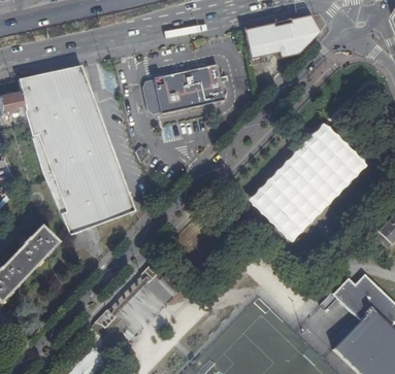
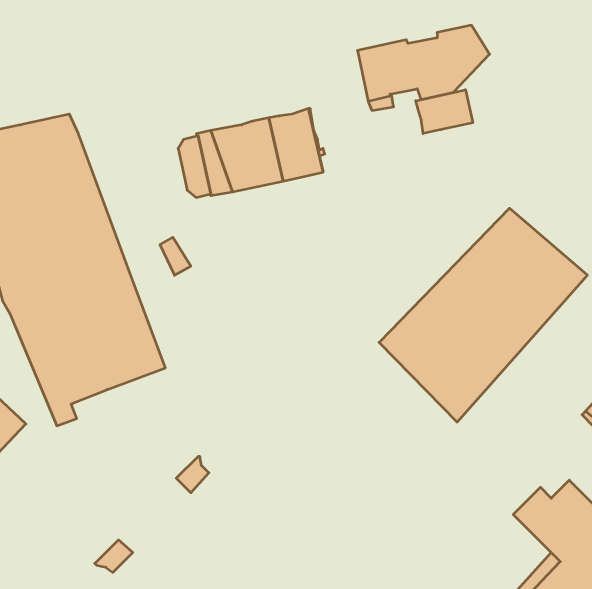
building: none -> [416,90,473,134]

